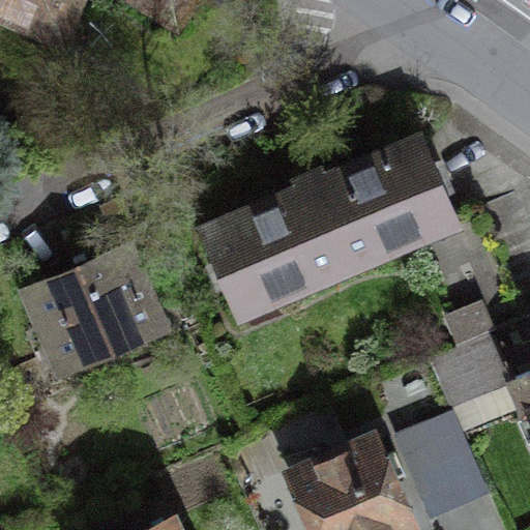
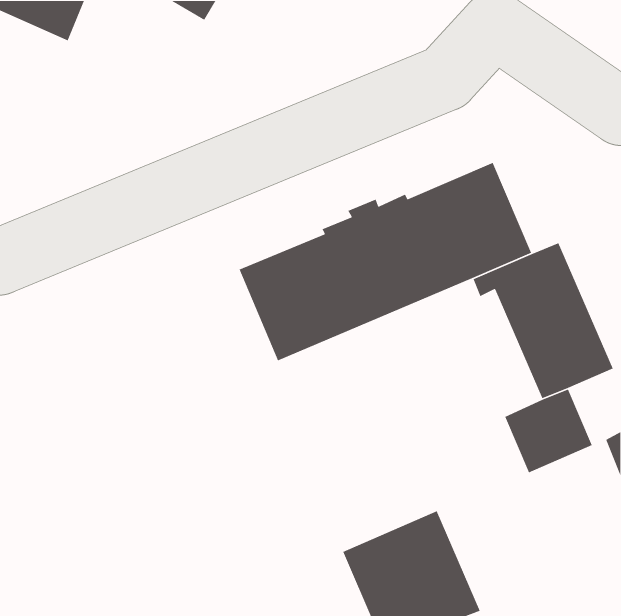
building: [30,252,155,371] -> none
building: [391,411,487,519] -> none

